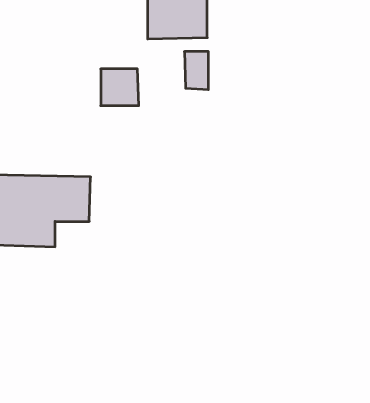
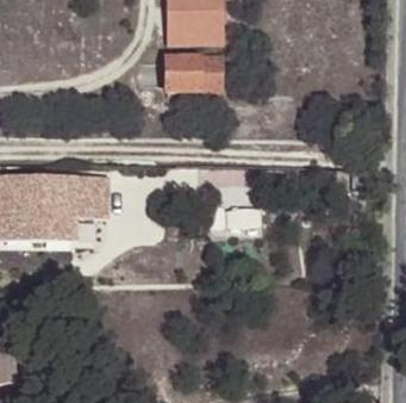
building: [101,69,139,106] -> [165,56,201,91]

